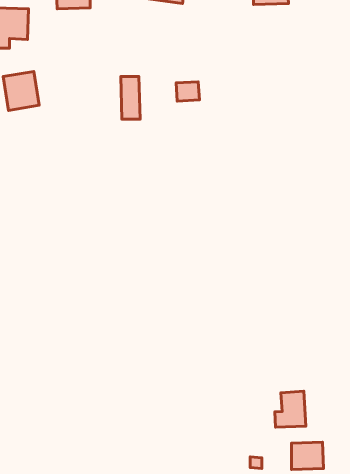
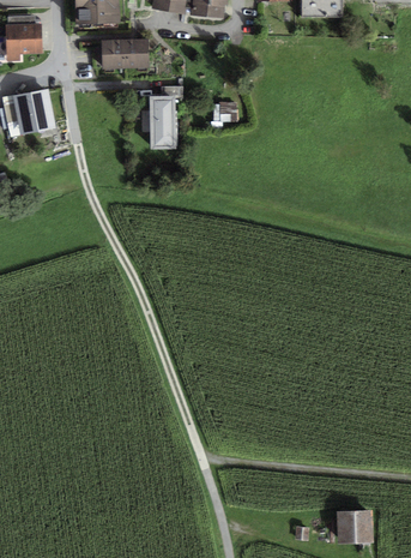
building: none -> [99,38,146,68]
building: [275,391,306,427] -> none

